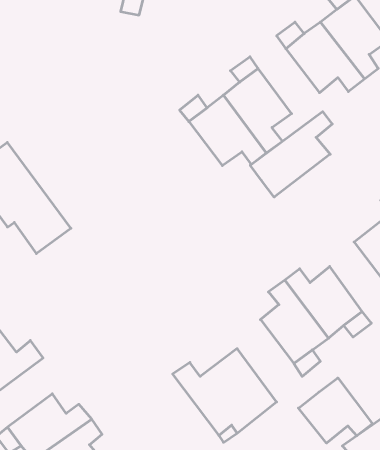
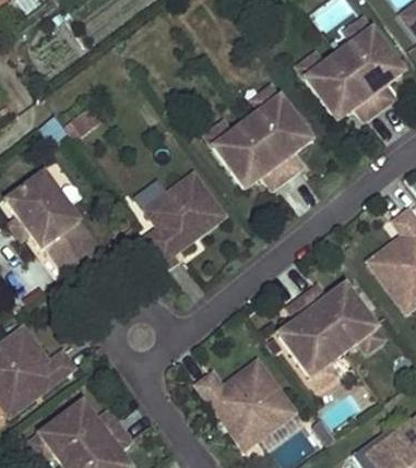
building: [250,112,332,197] -> none
building: none -> [145,175,225,268]
building: [298,378,372,443] -> none

